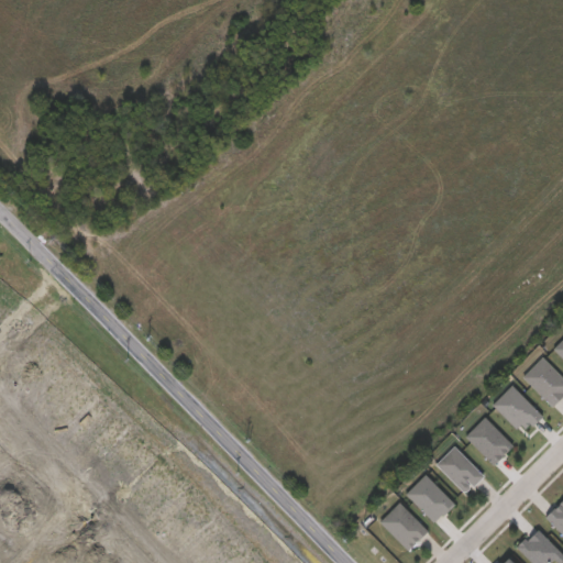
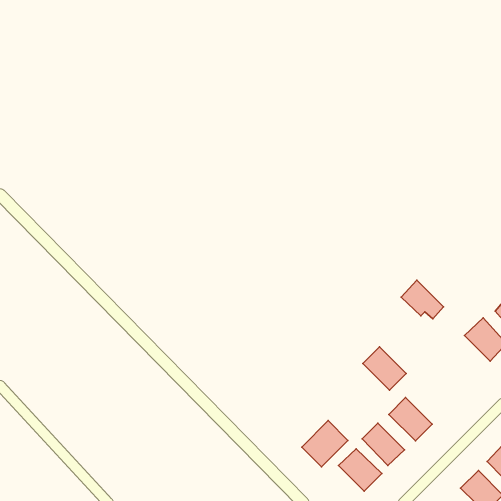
building: [495,386,542,429] -> [401,280,444,319]
building: [466,416,515,464] -> [363,347,406,390]
building: none -> [302,421,348,467]

